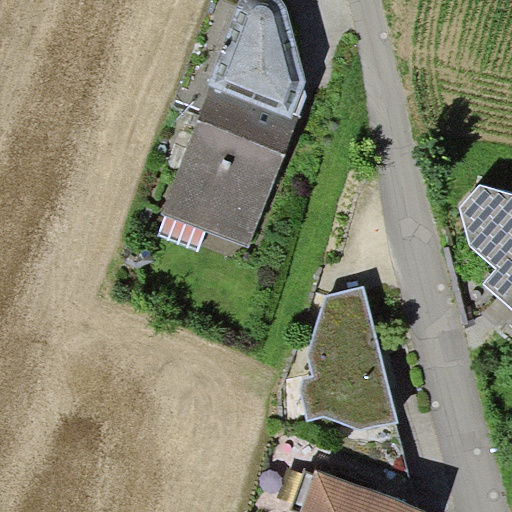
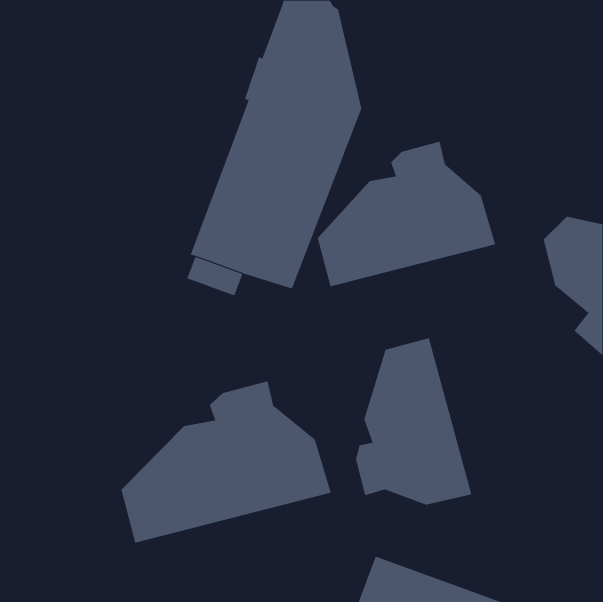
building: none -> [317,141,496,287]
building: none -> [121,380,331,544]

